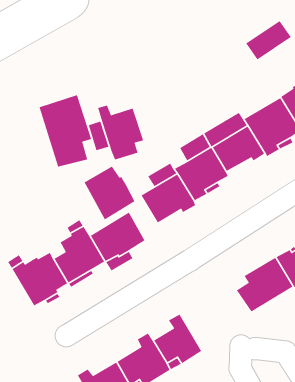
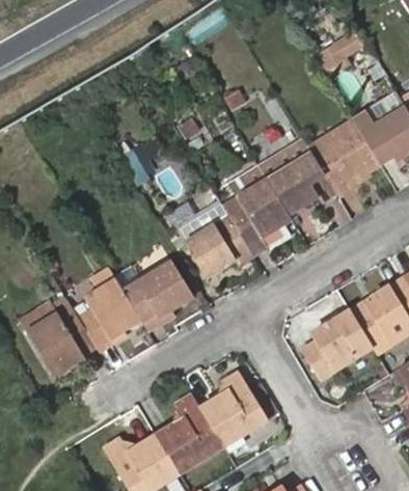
building: [39,94,92,167] -> none
building: [97,105,144,161] -> none
building: [83,165,136,220] -> none

